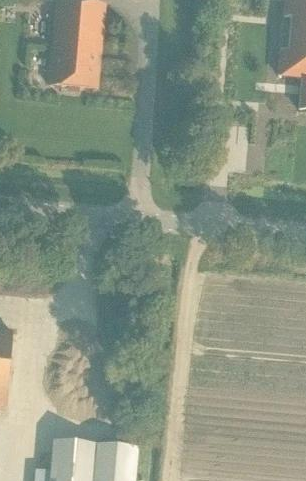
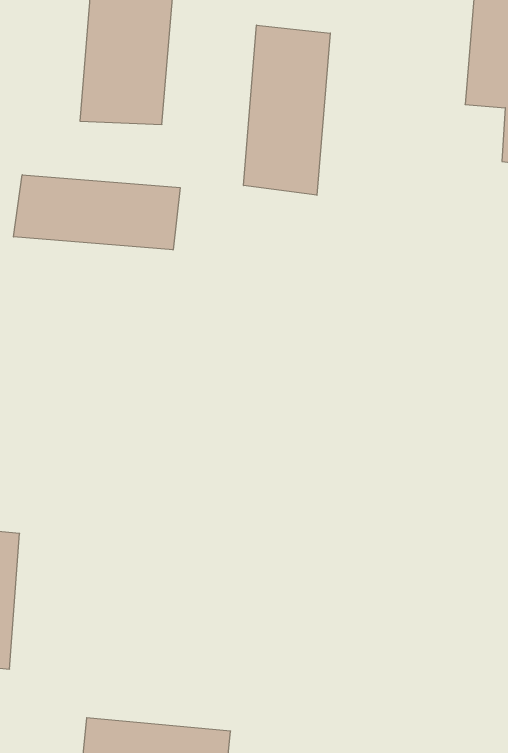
building: none -> [244,25,330,195]
building: none -> [14,175,180,250]

